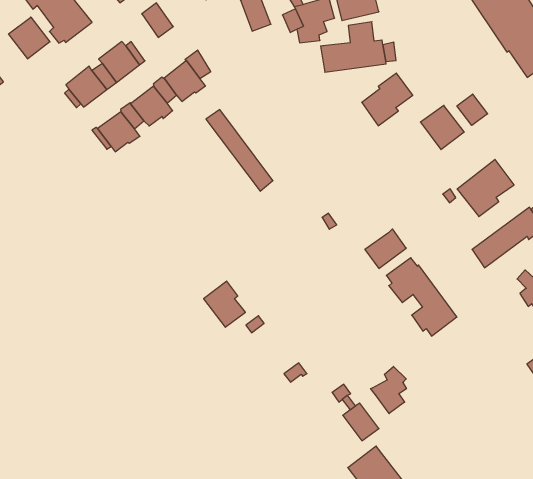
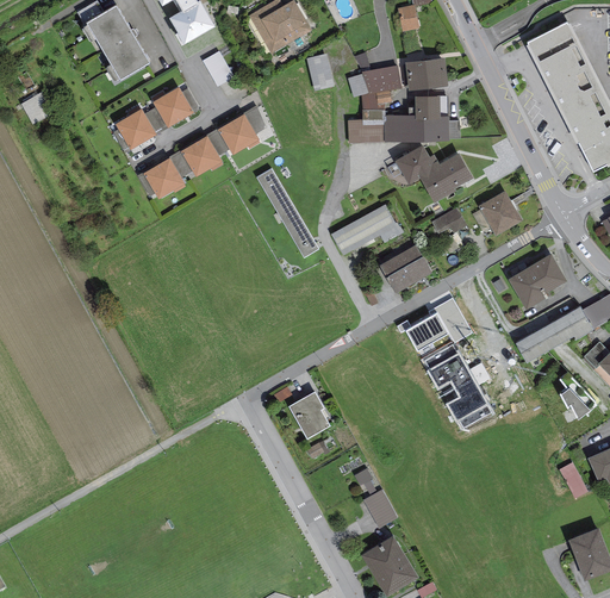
building: [9,17,50,59] -> none
building: none -> [348,108,386,143]
building: none -> [394,144,440,183]
building: [457,94,488,125] -> none
building: none -> [431,207,467,233]
building: none -> [330,204,404,255]
building: none -> [379,244,431,292]
building: none -> [429,298,472,343]
building: [204,281,245,327] -> [288,391,330,438]
building: [371,366,406,414] -> none

